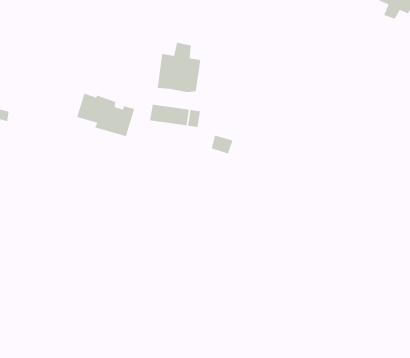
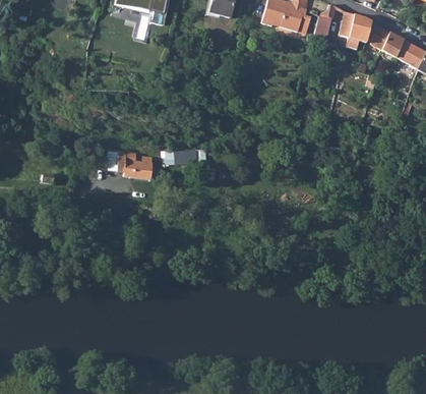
building: [157,42,201,93] -> none

